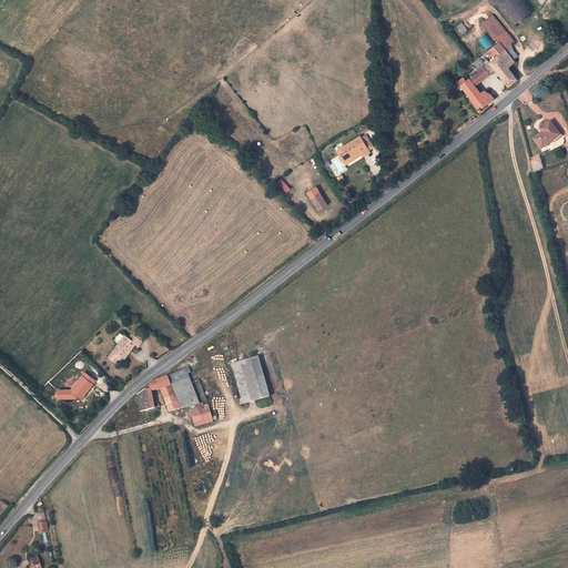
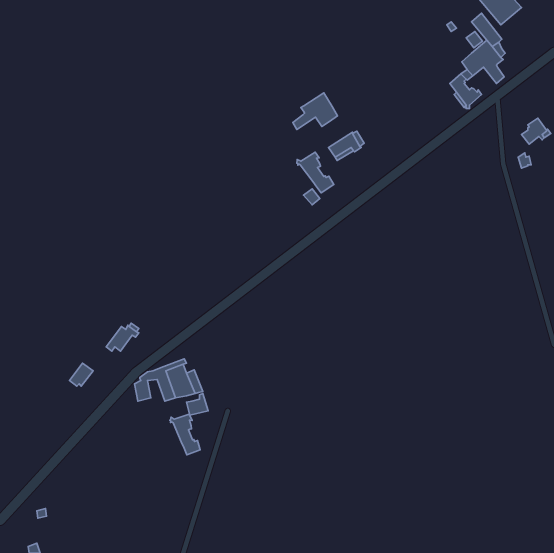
building: none -> [293,93,338,129]
building: none -> [297,152,334,193]
building: [232,356,270,403] -> none
building: none -> [170,414,200,455]

